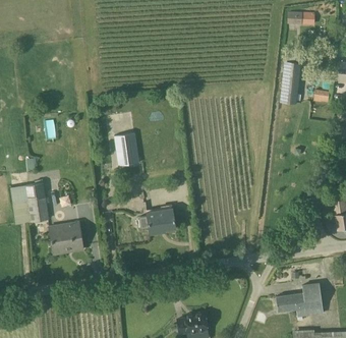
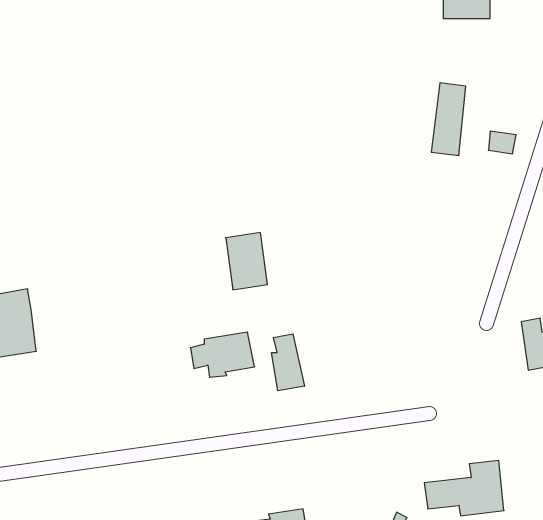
building: [114,132,138,166] -> [226,233,267,290]
building: none -> [272,334,304,391]
building: [49,222,83,254] -> none

